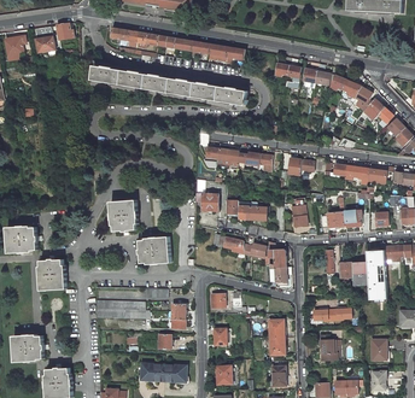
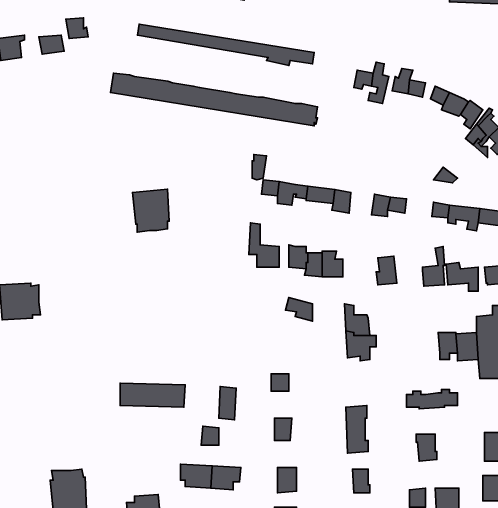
building: [109,199,136,232] -> [132,189,169,232]
building: [138,236,170,264] -> none
building: [37,259,64,291] -> none
building: [12,334,42,362] -> none

